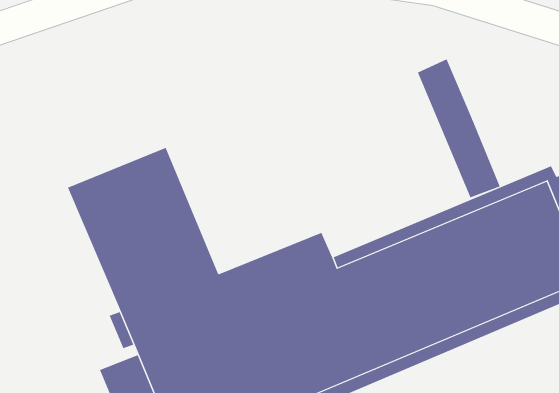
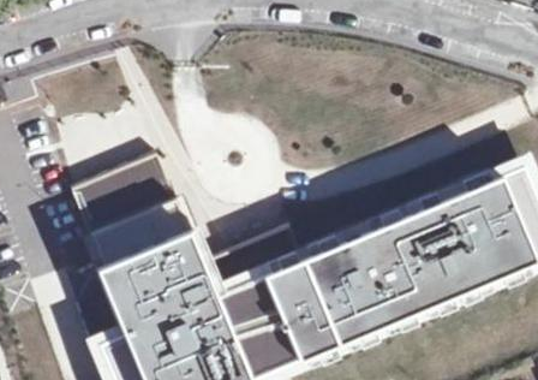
building: [417,58,500,198] -> none

